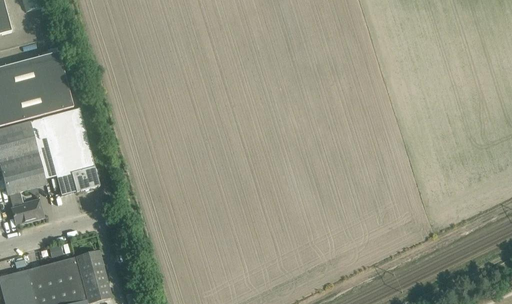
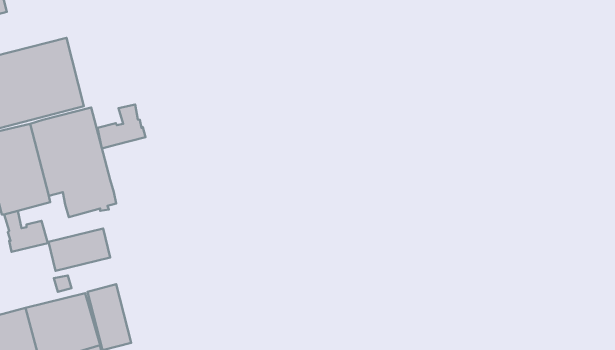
building: none -> [98,104,146,148]
building: none -> [49,229,110,271]

